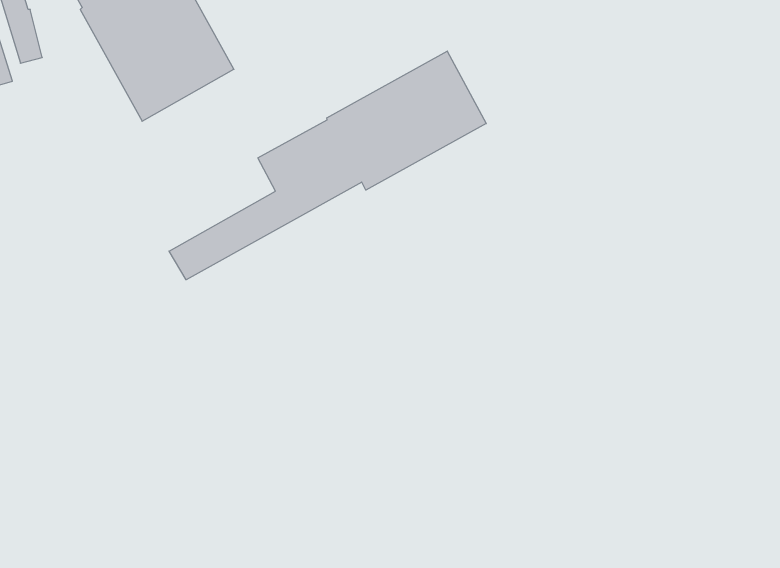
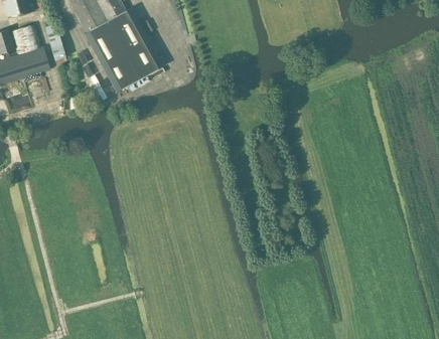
building: [169,51,486,280] -> none

